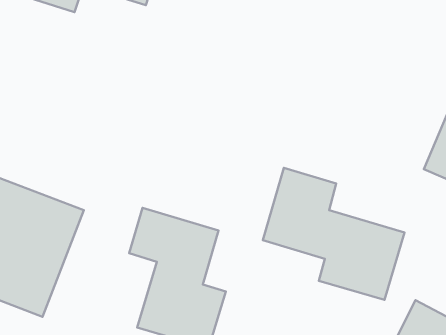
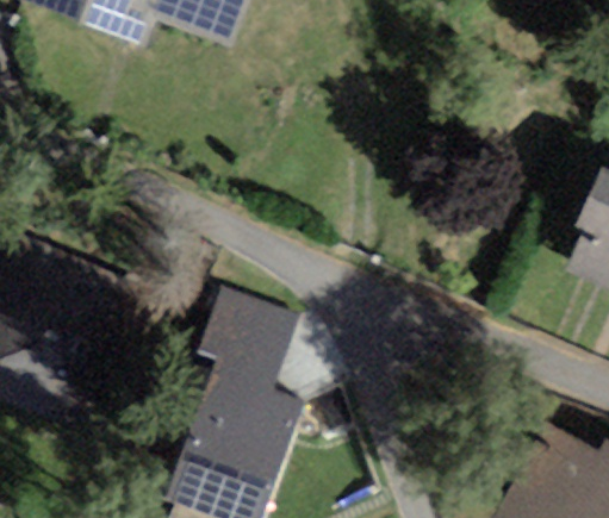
building: [263,168,405,300] -> none

